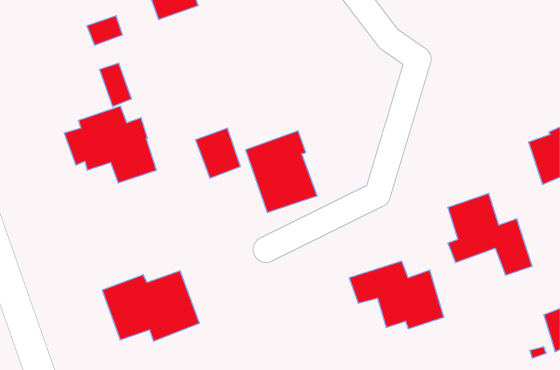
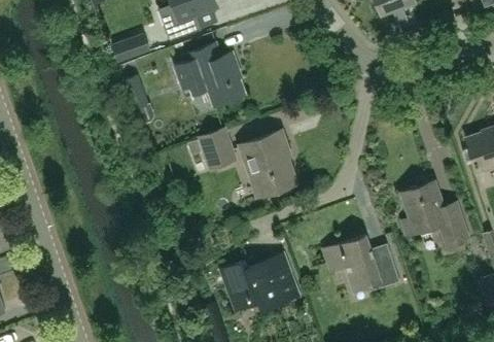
building: [64,106,156,183] -> [171,44,245,106]
building: [102,271,199,341] -> [220,253,298,310]

